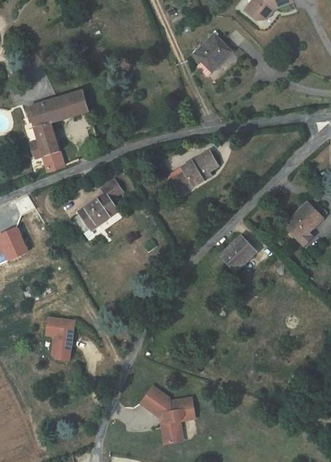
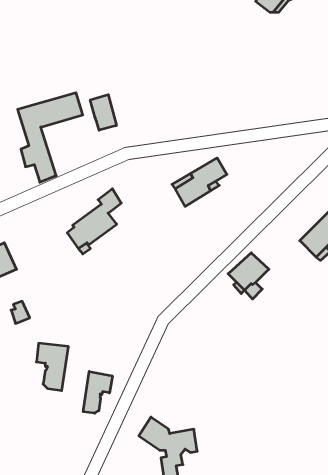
building: [194,34,231,70] -> none
building: none -> [90,95,116,130]
building: none -> [83,371,112,413]

